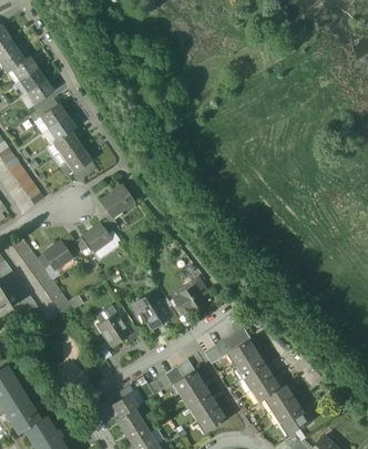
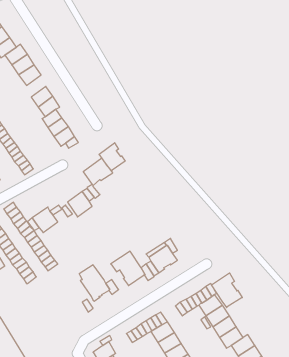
building: none -> [99,143,125,171]
building: none -> [211,273,242,308]

